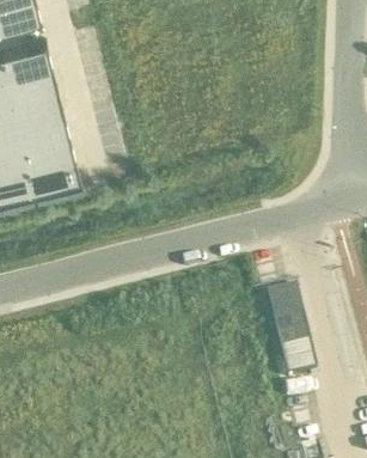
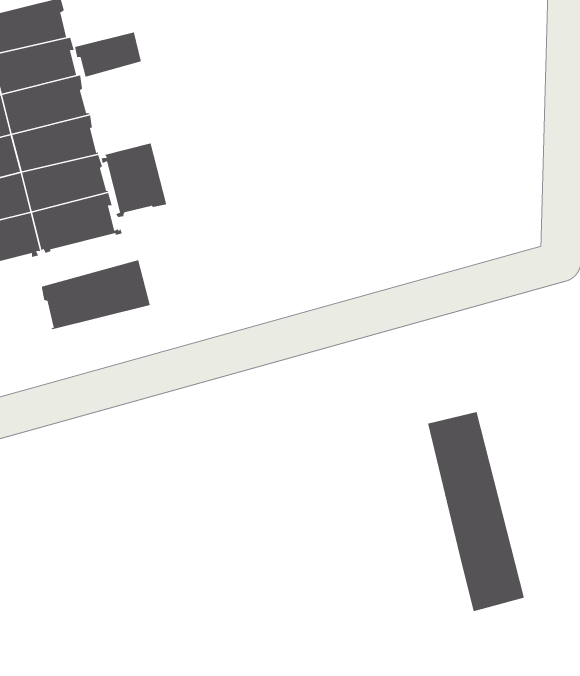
building: none -> [74,31,142,78]
building: none -> [100,142,167,218]
building: none -> [41,259,151,330]

